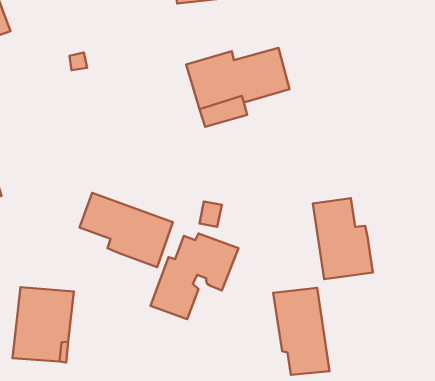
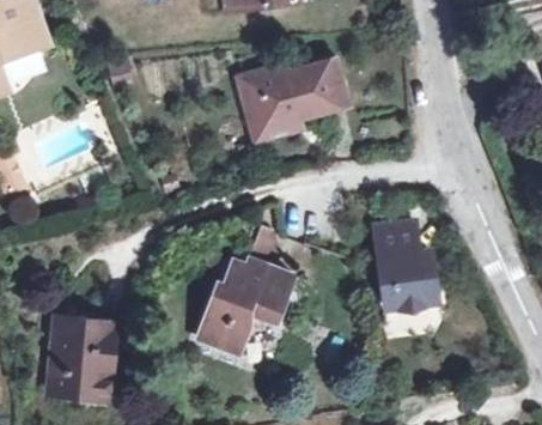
building: [80,193,173,267] -> none
building: [273,288,329,375] -> none

